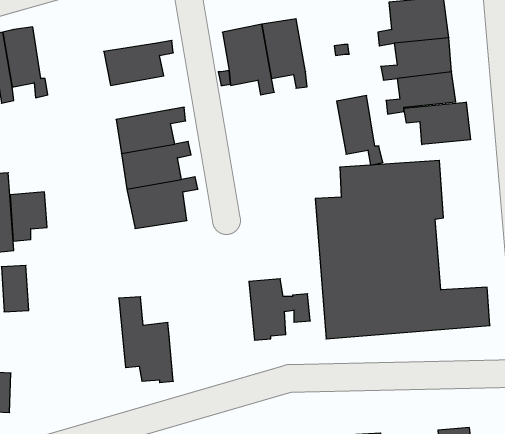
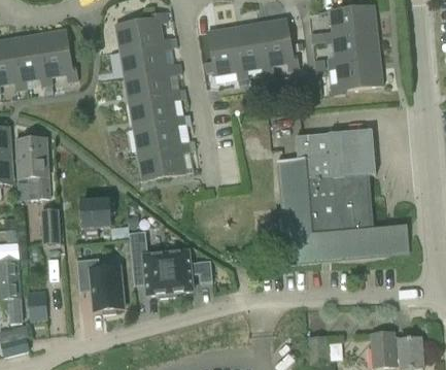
building: none -> [114,12,166,46]
building: none -> [123,64,175,98]
building: [337,96,383,165] -> [263,18,298,70]
building: [404,102,470,145] -> none
building: [10,192,47,241] -> [82,199,110,236]
building: [249,279,310,340] -> [166,249,212,296]
building: none -> [77,259,125,313]

